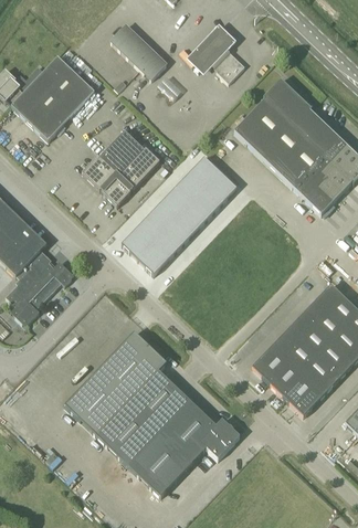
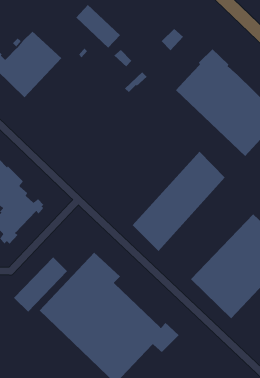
building: [189,28,235,74] -> none
building: [82,130,159,205] -> none
building: [120,157,236,283] -> [132,151,225,252]
building: none -> [13,257,68,312]

